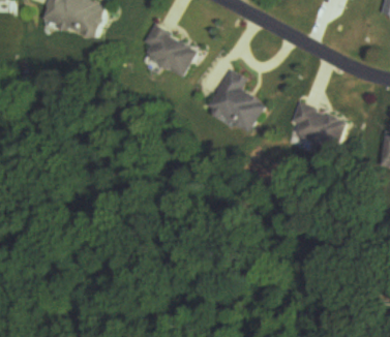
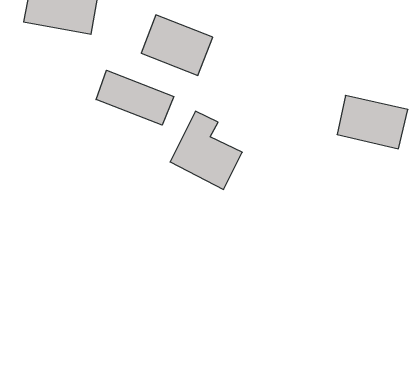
building: none -> [96,70,174,125]
building: [206,68,265,133] -> [170,111,242,189]

